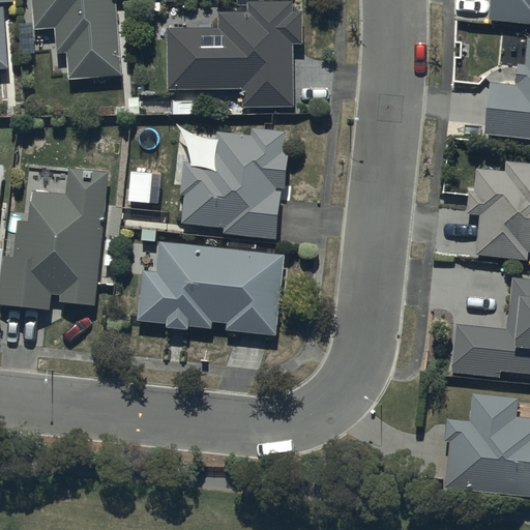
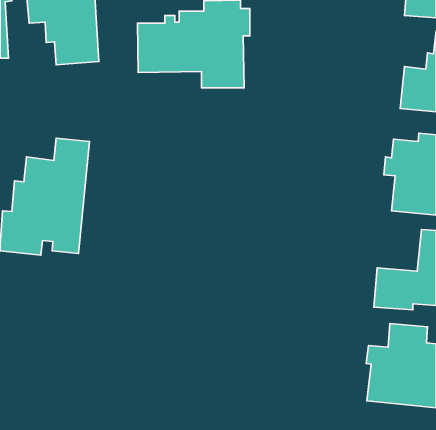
building: [181,127,289,238] -> none
building: [139,243,284,333] -> none

